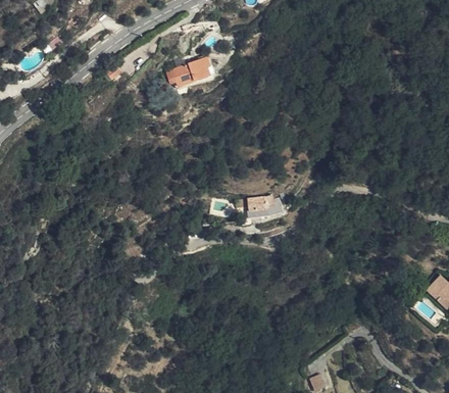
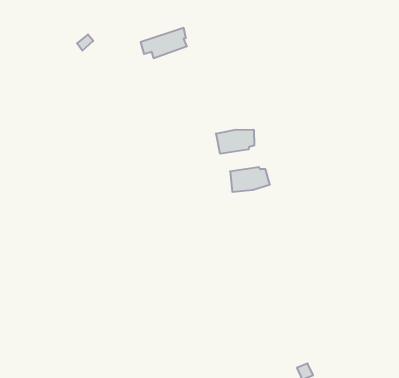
building: none -> [216,130,254,154]

